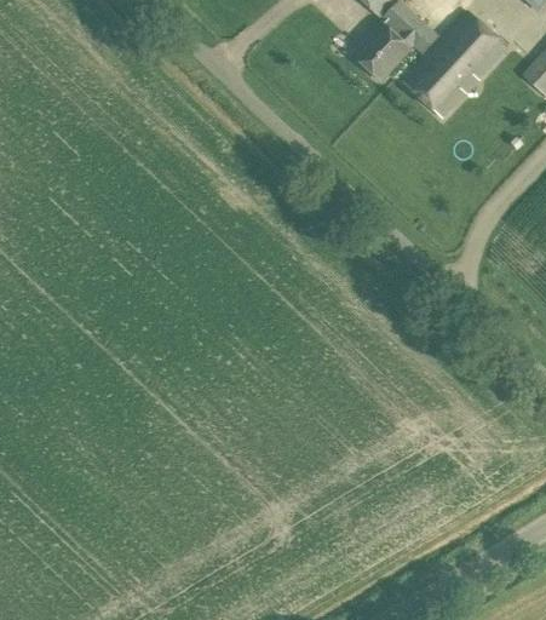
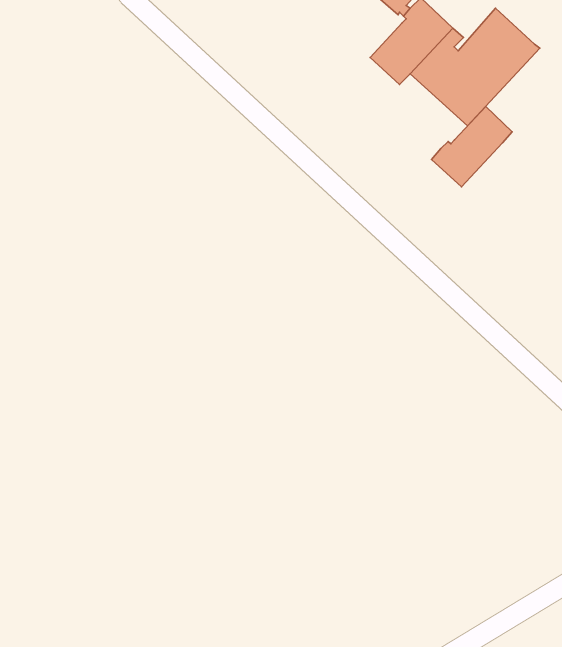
building: none -> [431,107,512,187]

